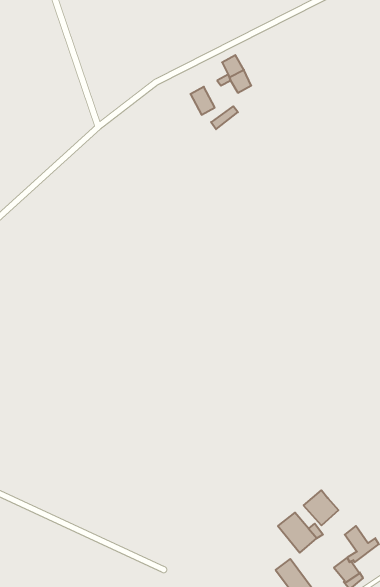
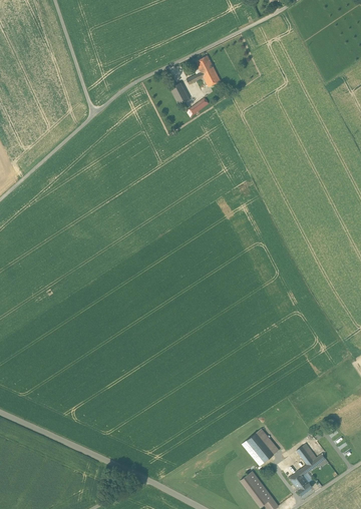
building: [304,490,338,525] -> none

